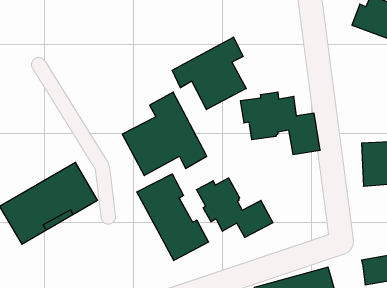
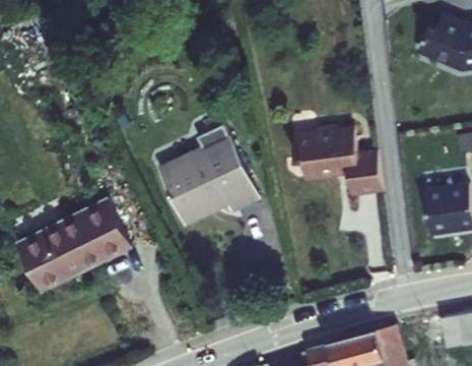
building: [172,37,246,110] -> none
building: [137,174,209,261] -> none
building: [196,178,273,237] -> none

